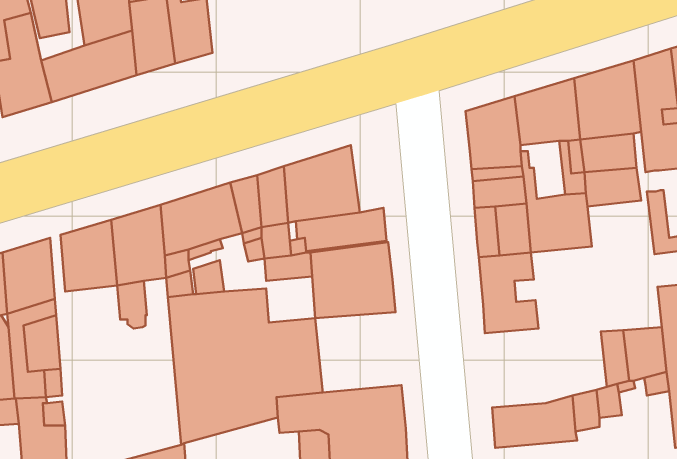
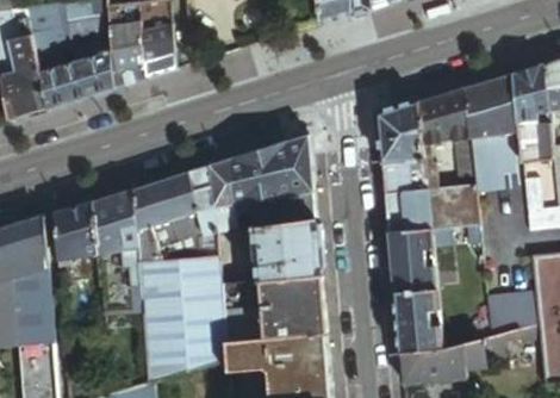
building: none -> [286,135,315,195]
building: none -> [257,275,326,340]
building: none -> [393,288,442,352]

